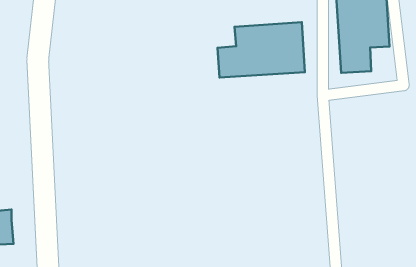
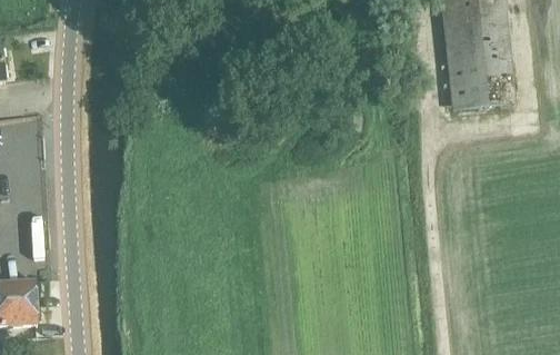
building: [218,22,305,77] -> none

